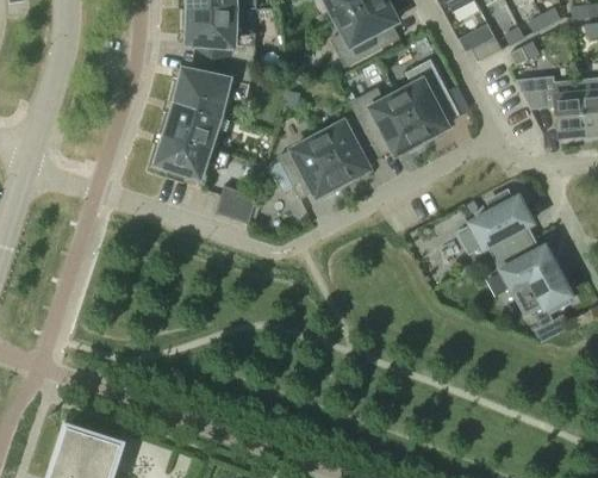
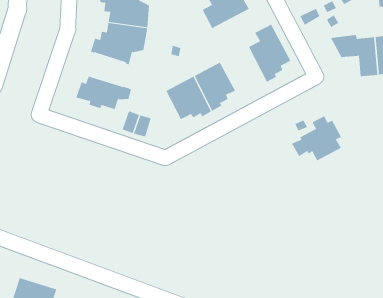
building: [349,86,423,155] -> none
building: [158,100,223,149] -> none
building: [496,237,569,341] -> none

